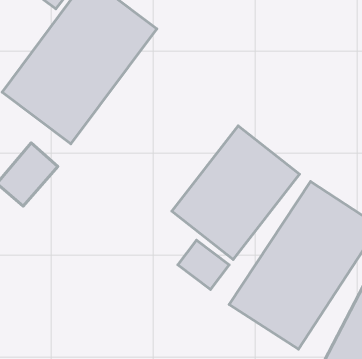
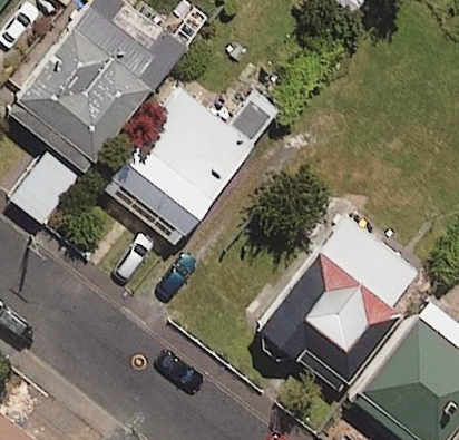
building: [172,126,300,260] -> [114,80,257,231]

